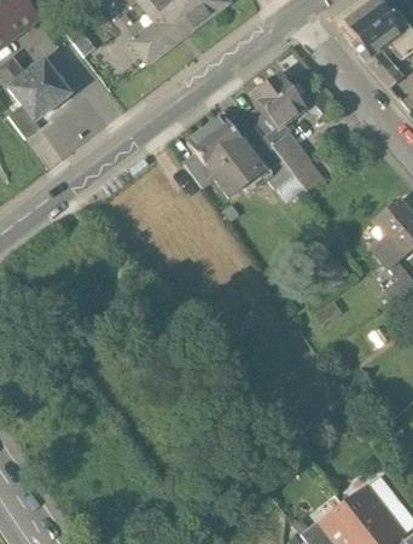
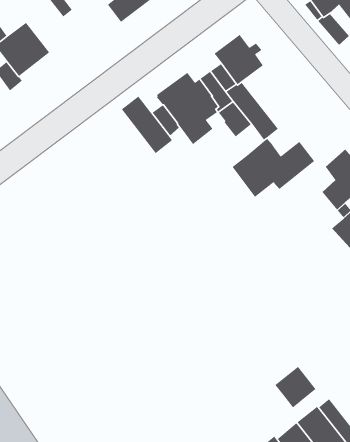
building: none -> [121,96,173,154]
building: none -> [232,138,315,198]
building: none -> [275,366,317,408]

